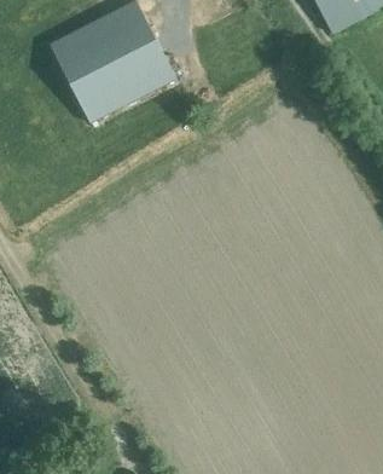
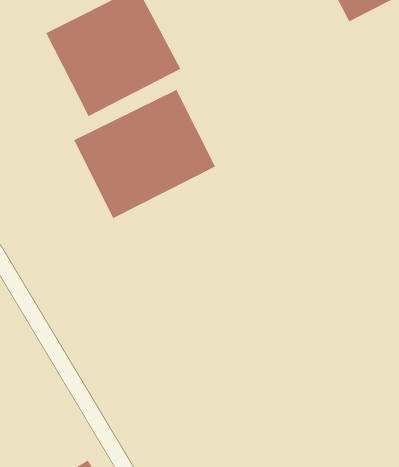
building: none -> [73,89,216,219]

